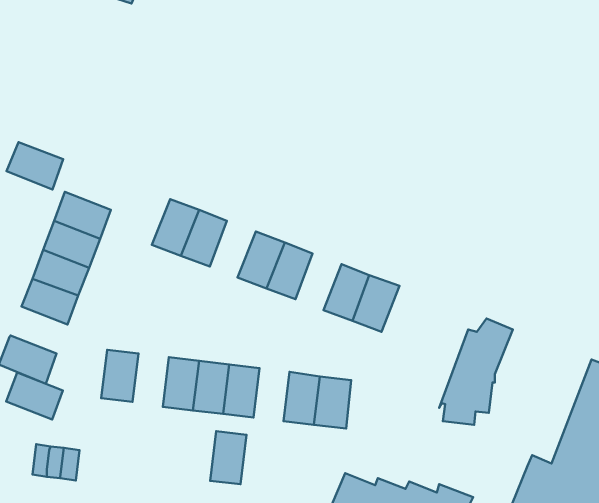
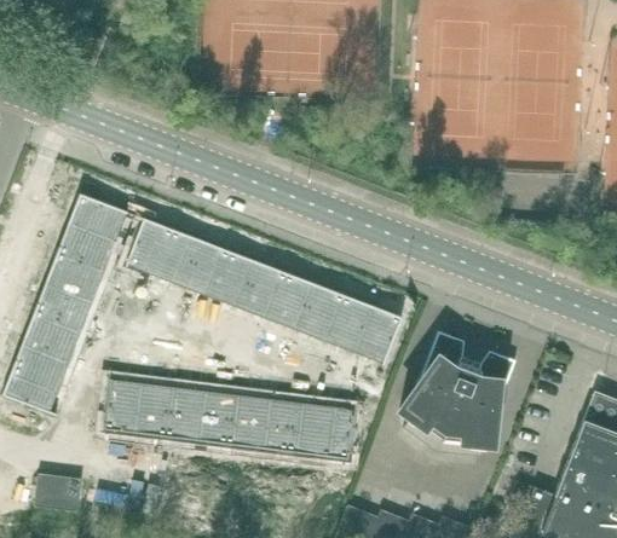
building: [7,142,63,189] -> [69,193,126,241]
building: none -> [127,218,174,276]
building: none -> [214,251,260,308]
building: none -> [300,284,346,341]
building: none -> [402,330,473,446]
building: none -> [137,384,173,438]
building: [6,372,63,420] -> [15,337,71,384]
building: [210,431,246,484] -> [258,399,294,452]

